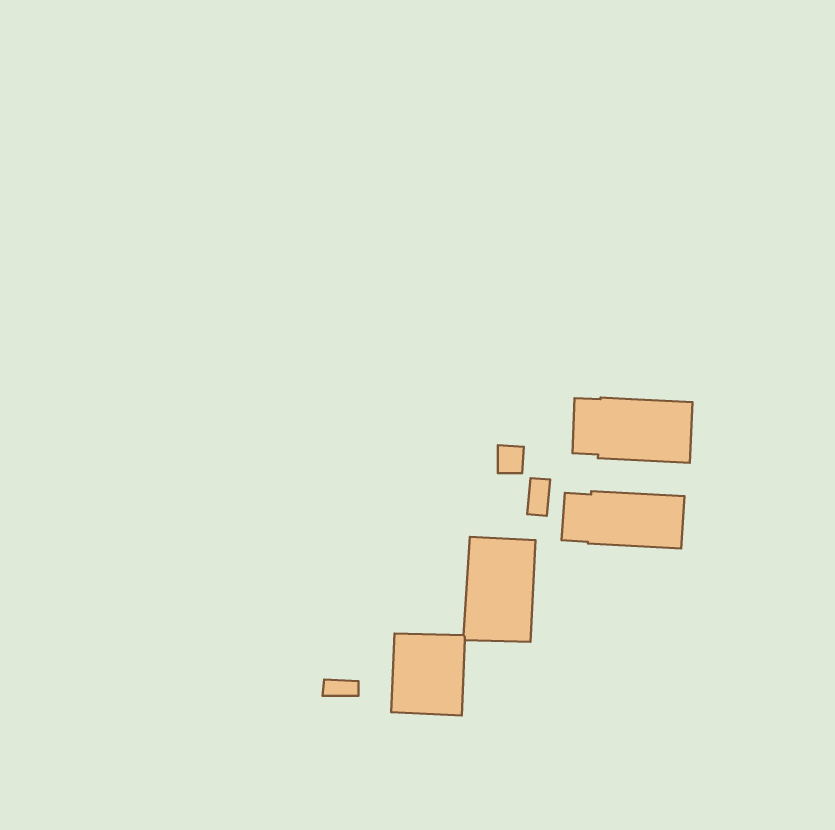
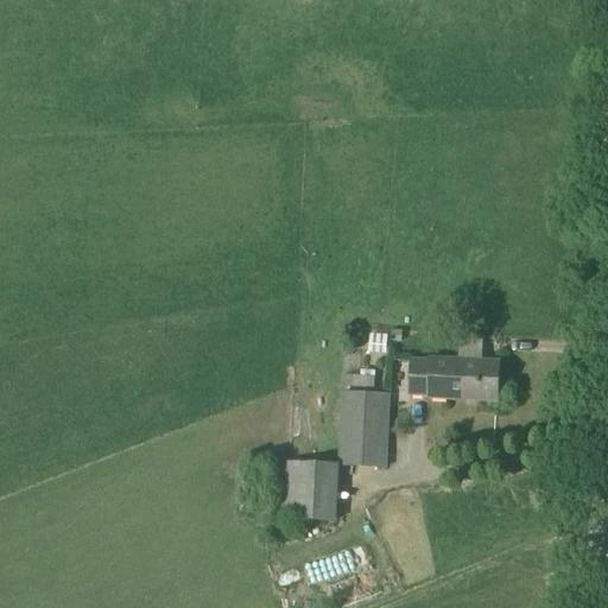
building: [572,397,692,463] -> none

